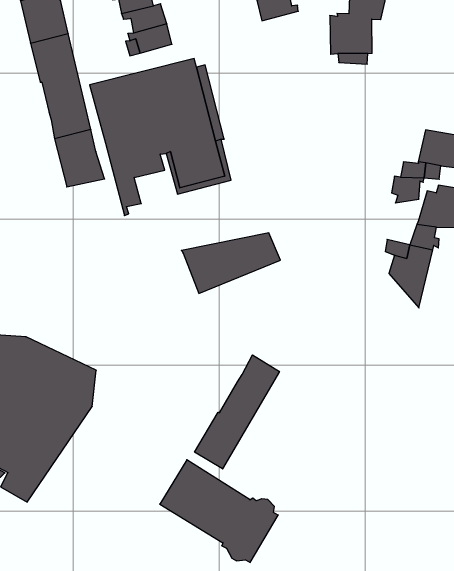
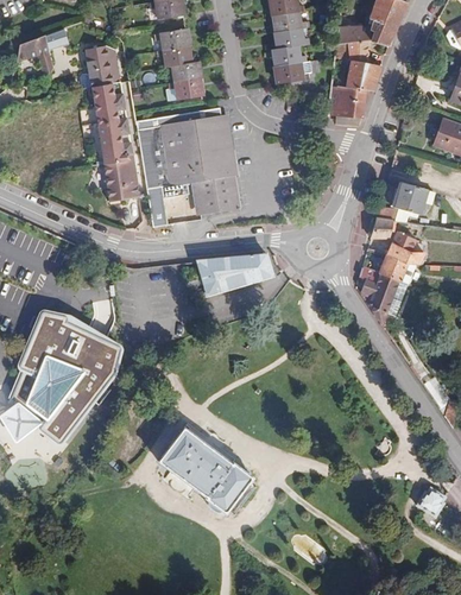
building: [195,355,279,469] -> none

